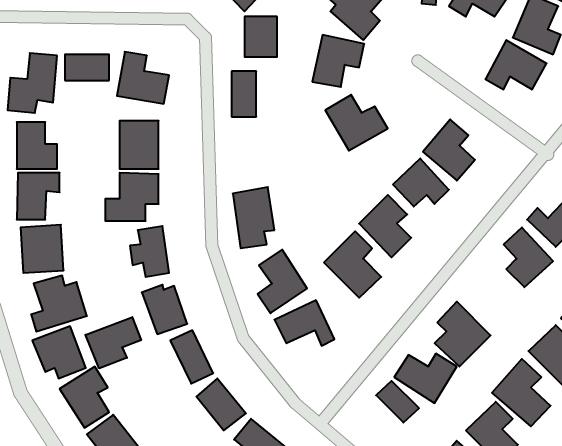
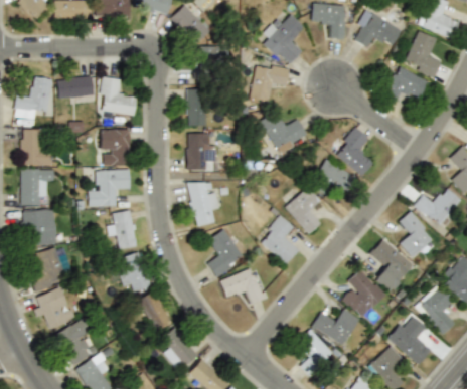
building: none -> [186,134,217,171]
building: none -> [369,238,415,291]
building: [85,317,141,368] -> none

